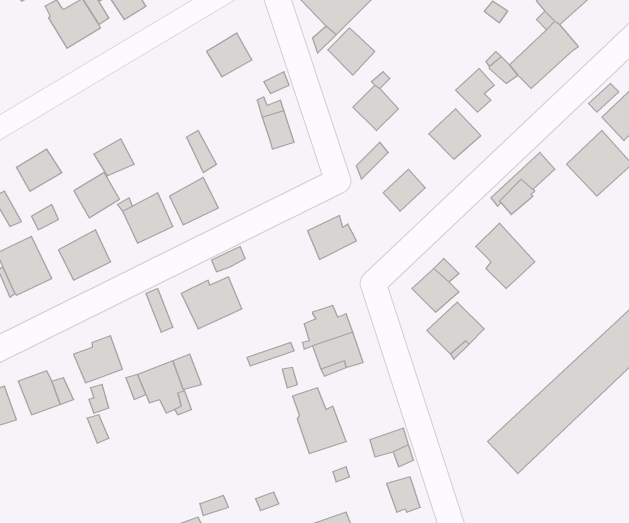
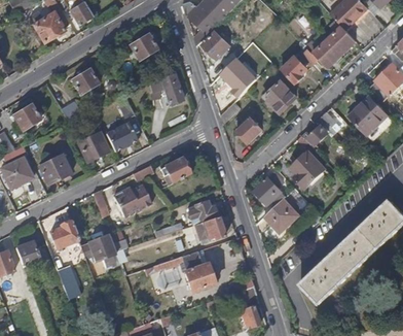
building: [74,172,119,218] -> [70,68,98,96]
building: [308,216,356,259] -> [159,160,189,187]
building: none -> [151,257,185,280]

